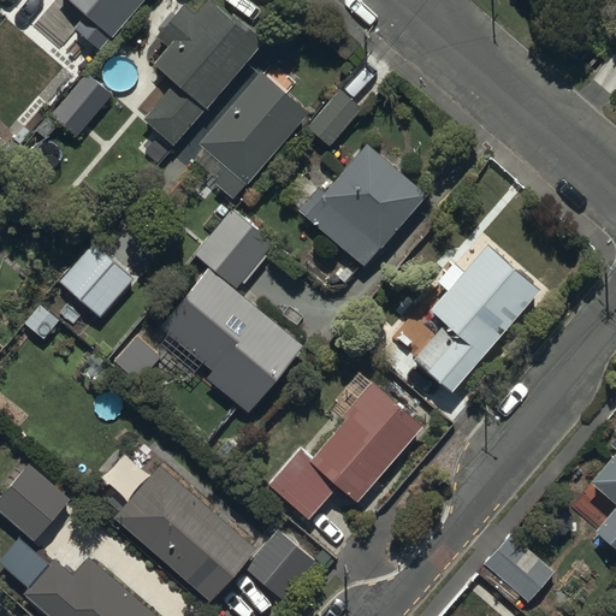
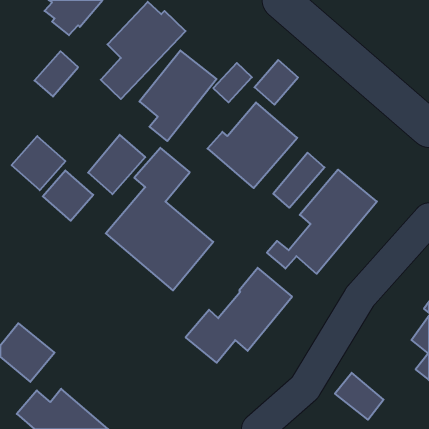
building: none -> [254,60,298,105]
building: none -> [88,135,145,194]
building: none -> [12,136,65,190]
building: none -> [273,153,325,208]
building: [118,467,315,600] -> none

